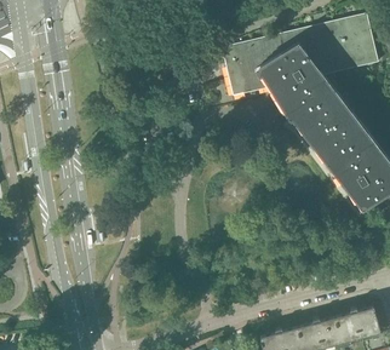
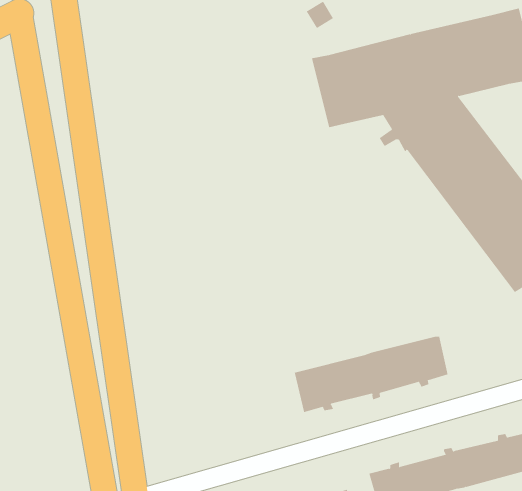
building: none -> [294,336,448,413]

